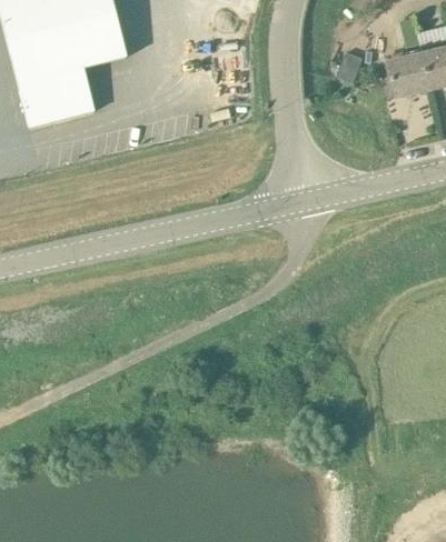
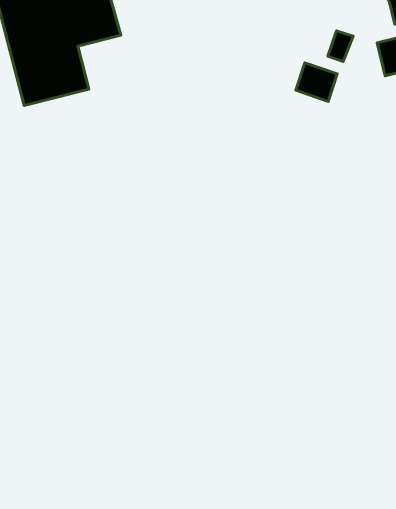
building: none -> [296,63,337,102]

